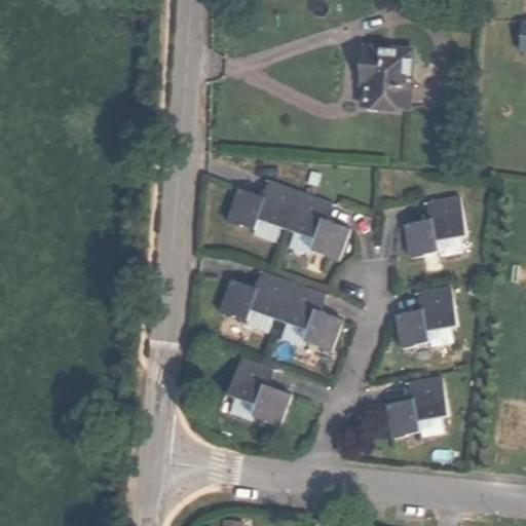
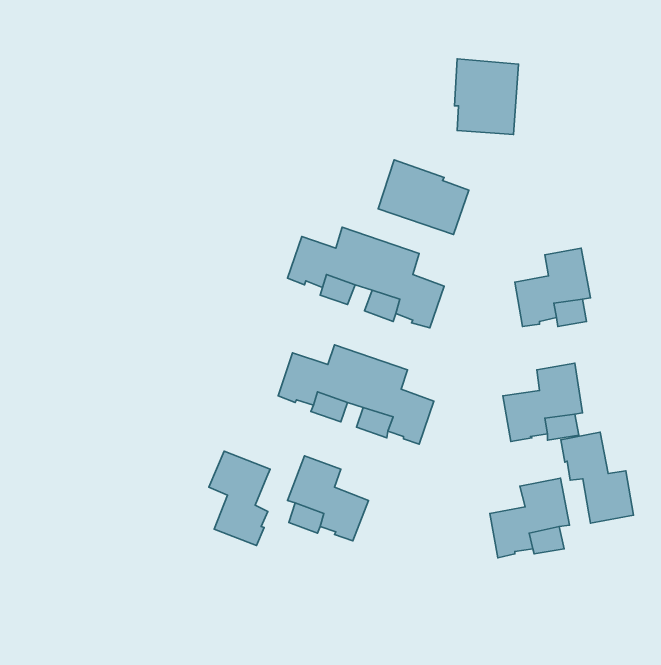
building: none -> [378,160,469,235]
building: none -> [561,432,633,523]
building: none -> [209,451,270,546]

